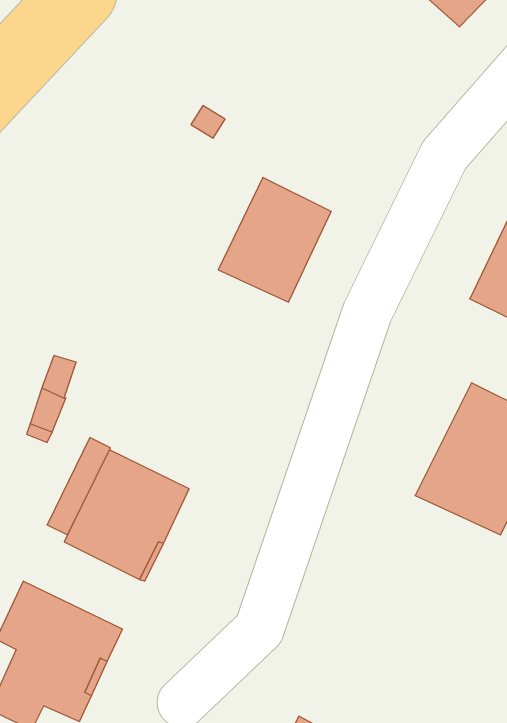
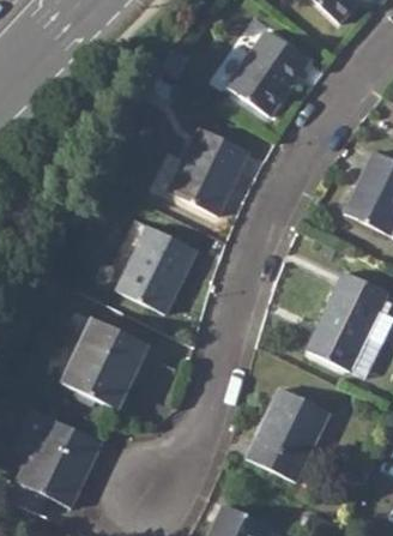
building: none -> [226,30,309,116]
building: none -> [116,225,196,313]
building: none -> [247,387,331,482]

